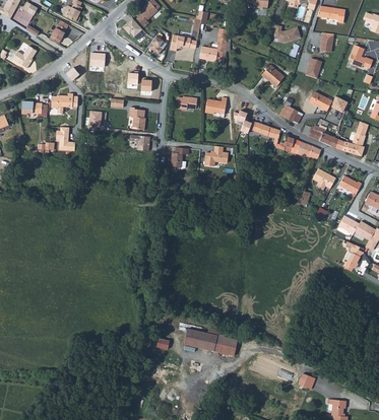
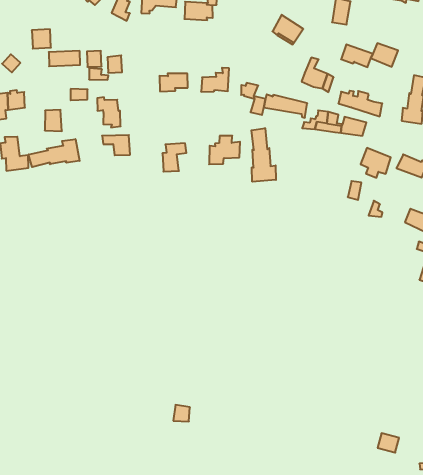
building: none -> [29,139,80,167]
building: none -> [251,128,276,182]
building: [184,330,238,356] -> none

